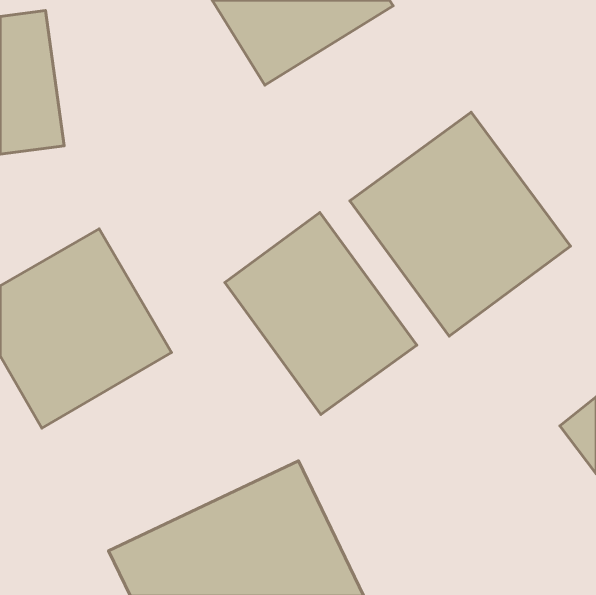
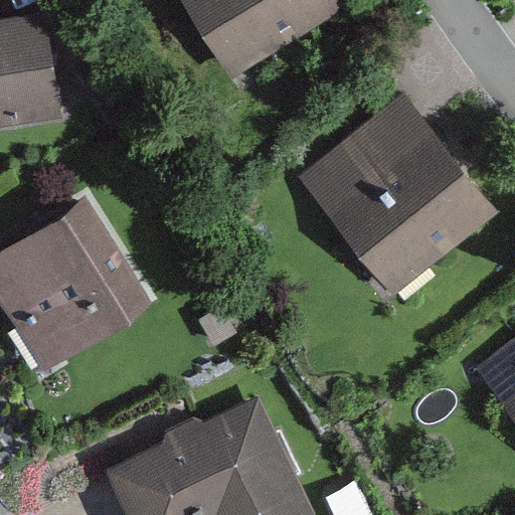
building: [225,213,417,415] -> none

